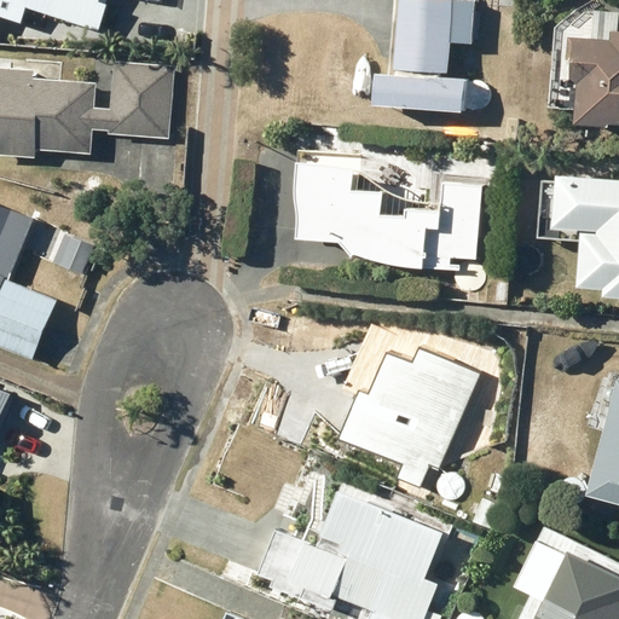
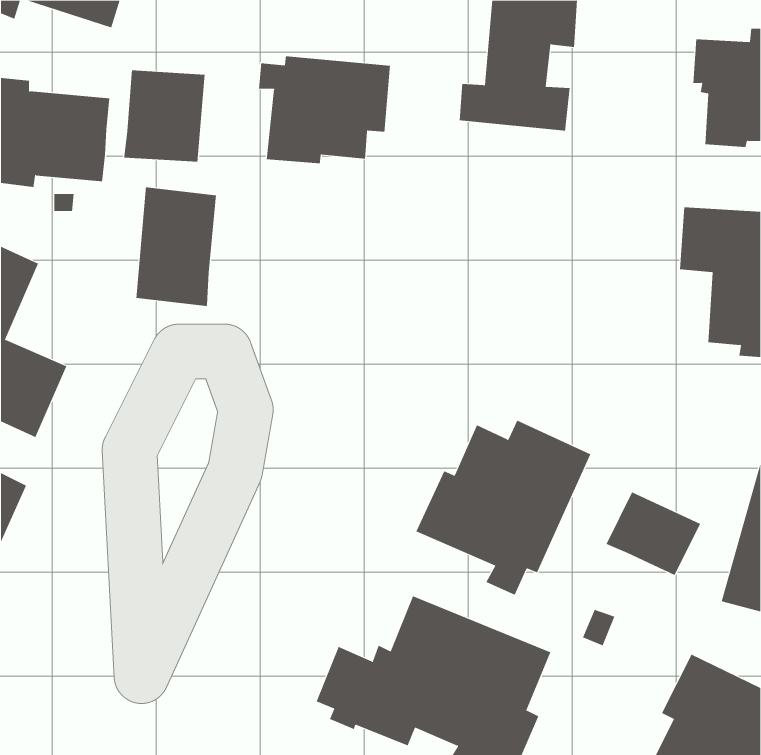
building: none -> [258,55,390,164]
building: [283,156,481,270] -> none
building: none -> [136,187,217,307]
building: none -> [606,492,701,576]

